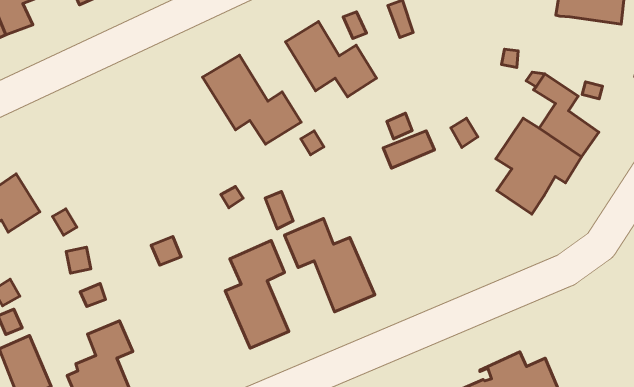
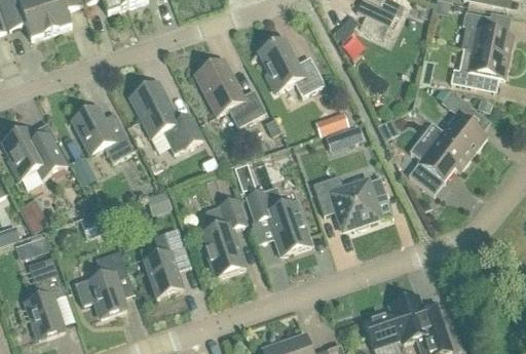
building: none -> [450,47,510,86]
building: none -> [130,81,202,153]
building: none -> [73,105,135,161]
building: none -> [312,174,388,229]
building: none -> [141,227,188,297]

